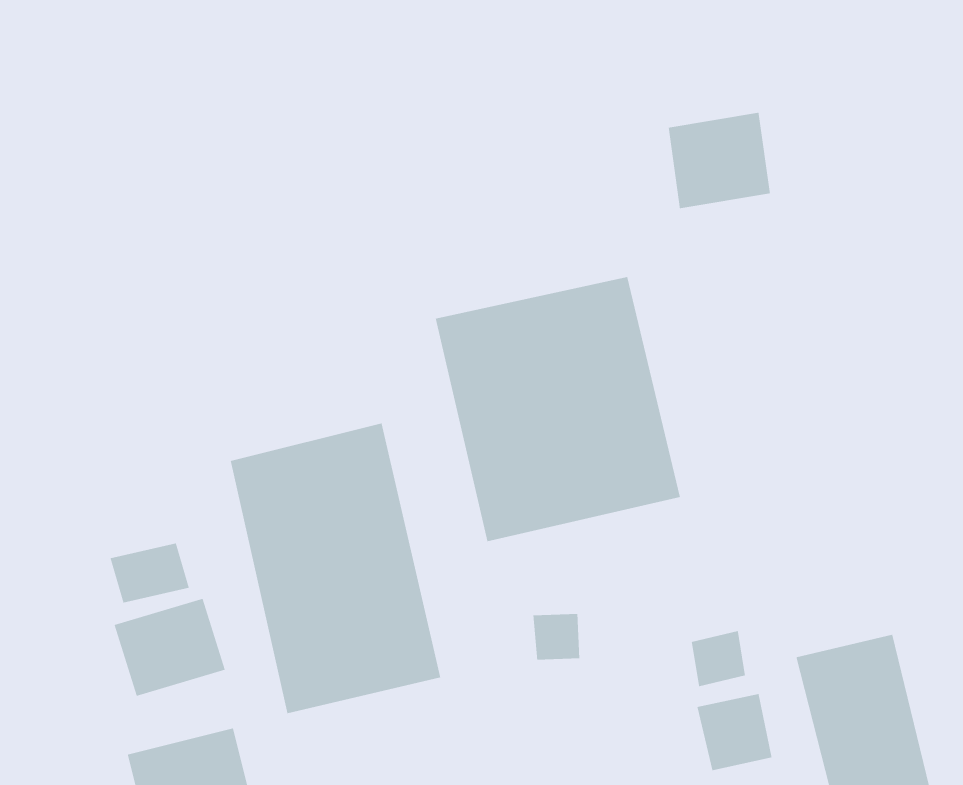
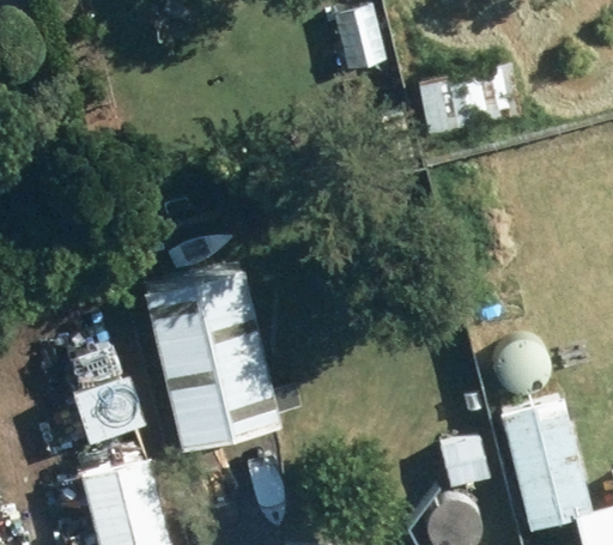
building: [435,276,681,542] -> none

